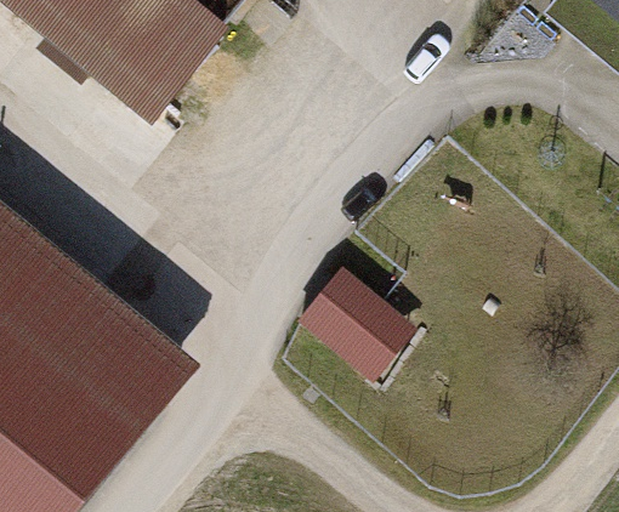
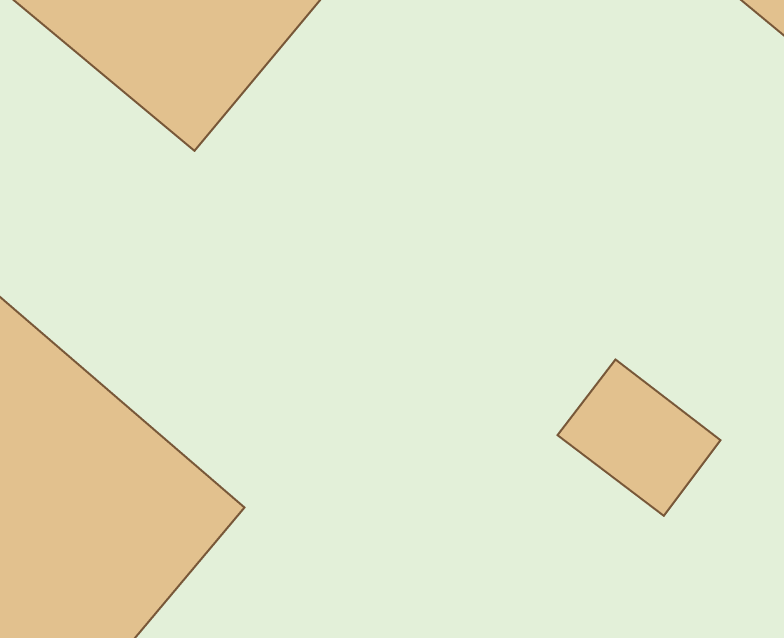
building: [295,260,418,377] -> [557,359,720,516]

